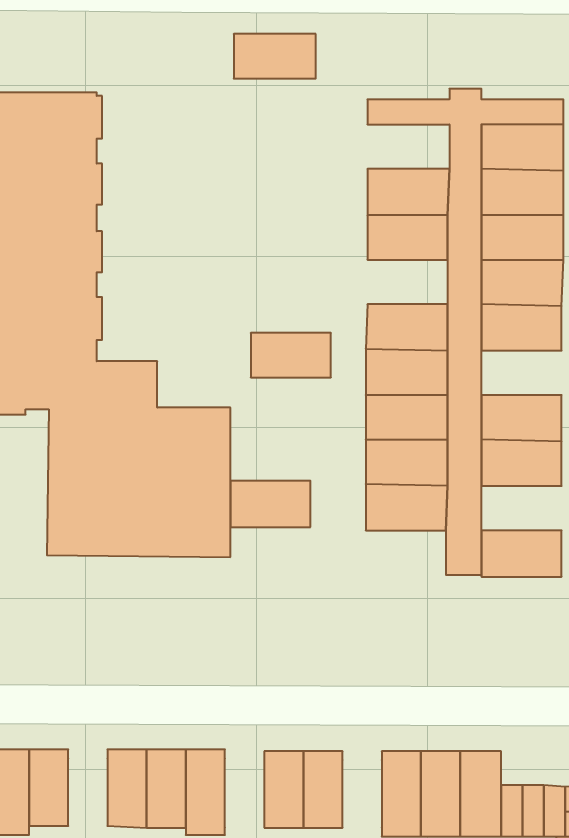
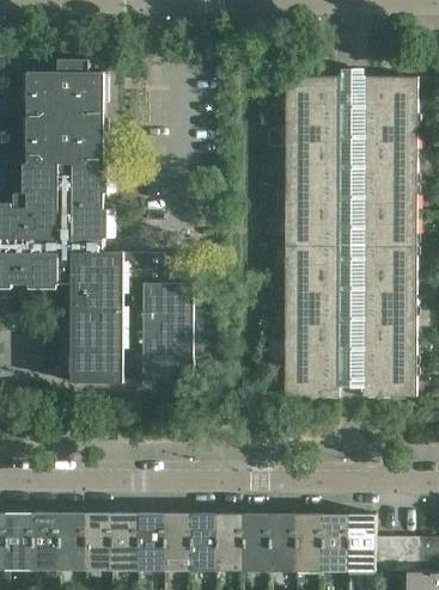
building: [234,34,316,79] -> [286,94,341,124]
building: [251,333,331,377] -> [286,185,340,215]
building: none -> [362,246,416,276]
building: [230,481,310,527] -> [285,367,339,398]
building: none -> [362,337,416,367]
building: none -> [85,514,111,565]
building: none -> [190,514,217,566]
building: none -> [269,515,295,566]

